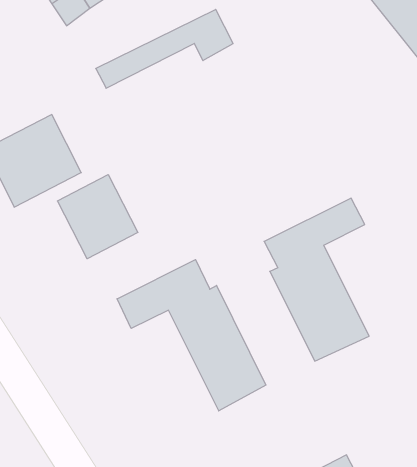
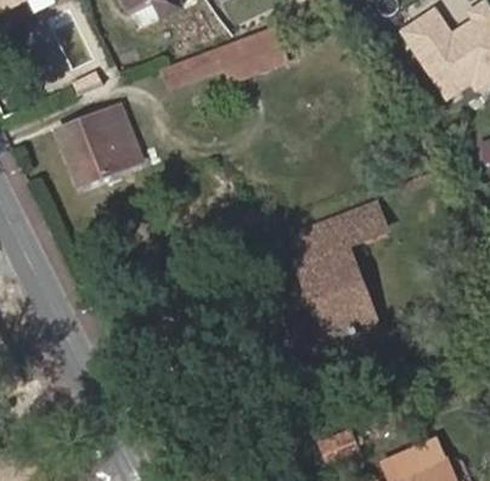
building: [57,175,138,259] -> none
building: [117,260,266,411] -> none

